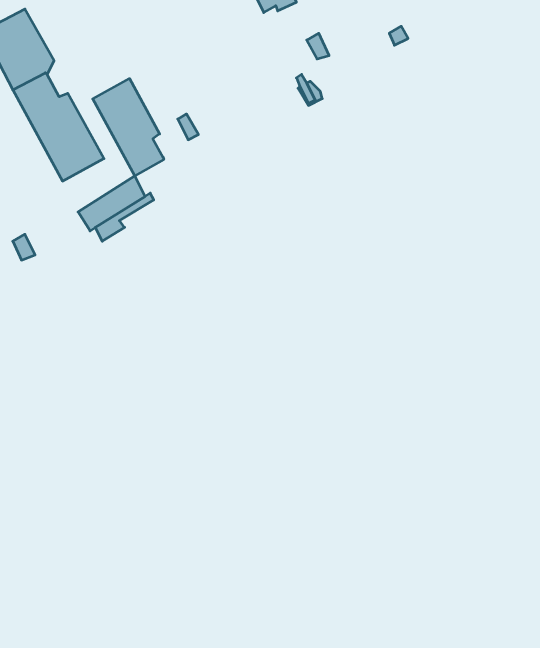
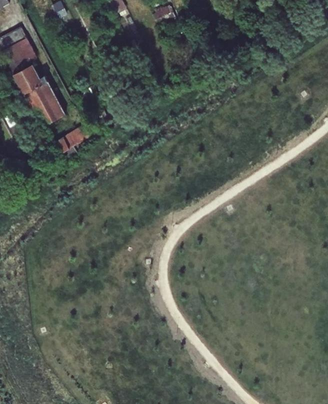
building: [93,79,164,176] -> none

